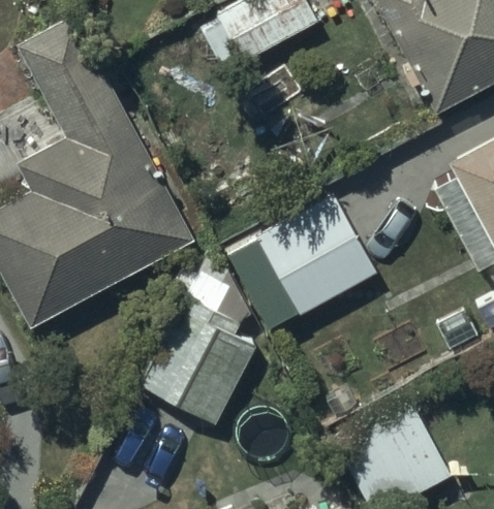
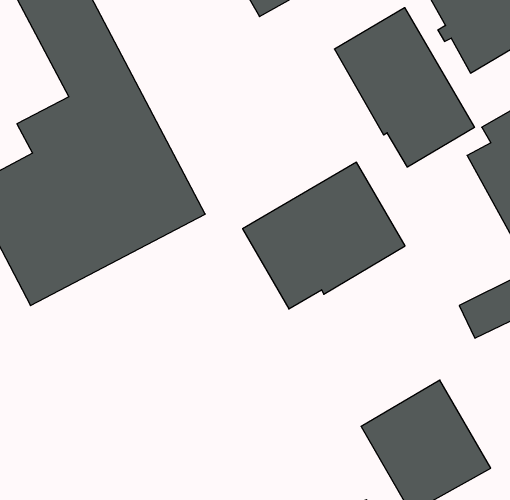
building: none -> [334,8,474,167]
building: [140,312,255,425] -> none

